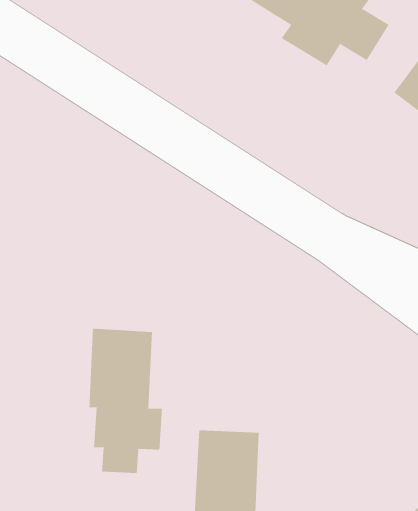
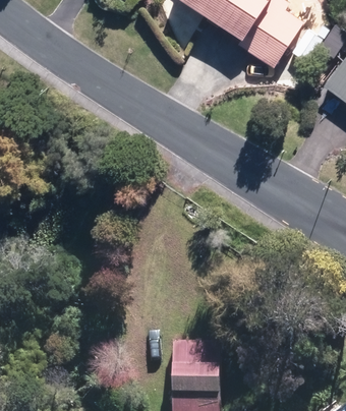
building: [89,328,163,474] -> none

